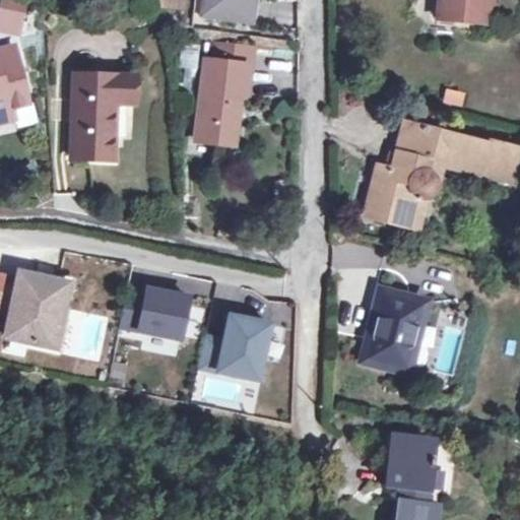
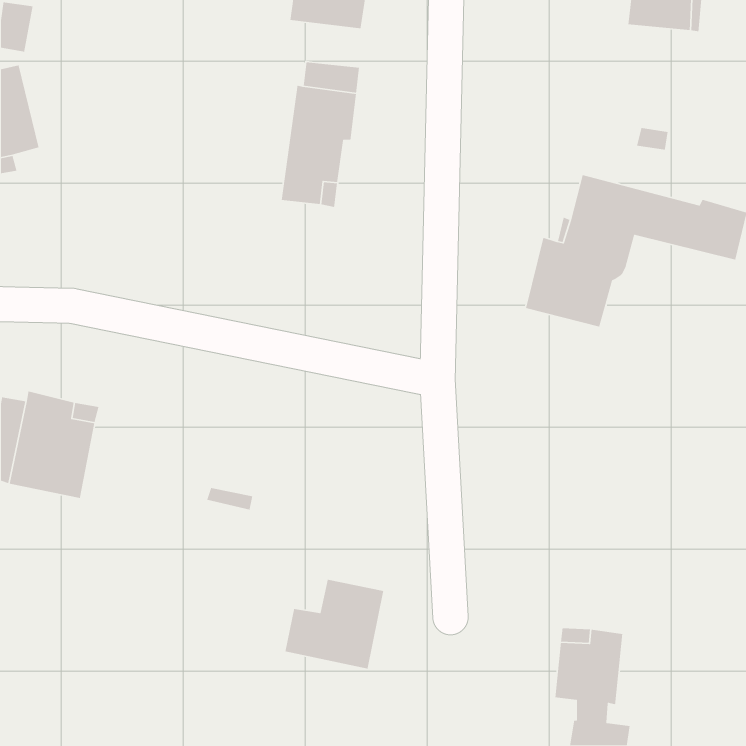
building: [73,73,137,158] -> none
building: [122,288,186,338] -> none
building: [363,290,427,371] -> none
building: [201,319,270,382] -> [285,579,384,669]

